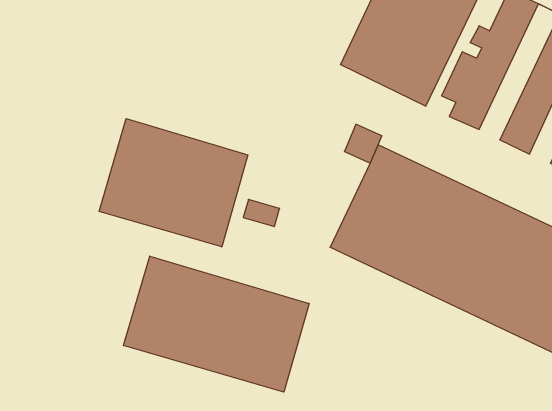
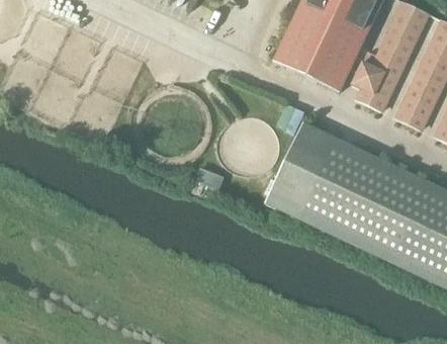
building: [99,119,248,247] -> none
building: [124,256,309,392] -> none

